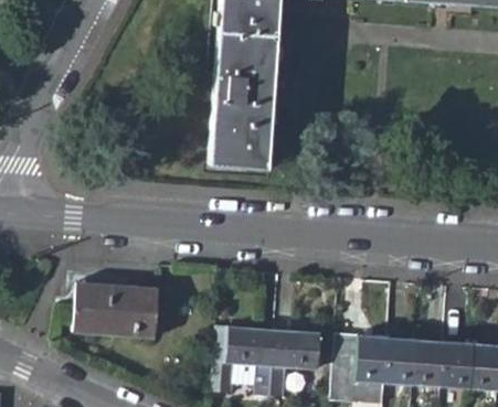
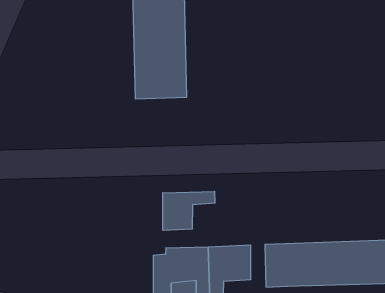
building: none -> [163,191,215,230]
building: [72,283,160,341] -> none

